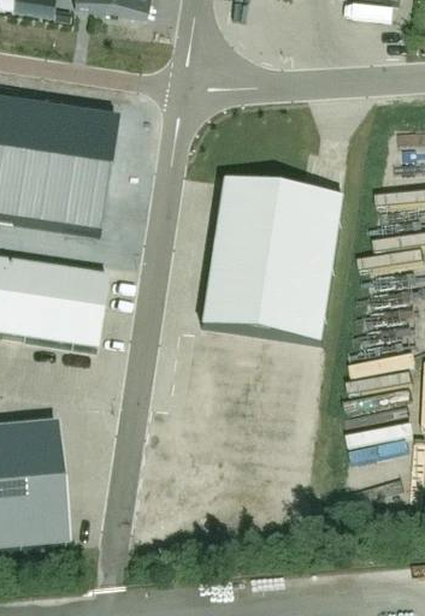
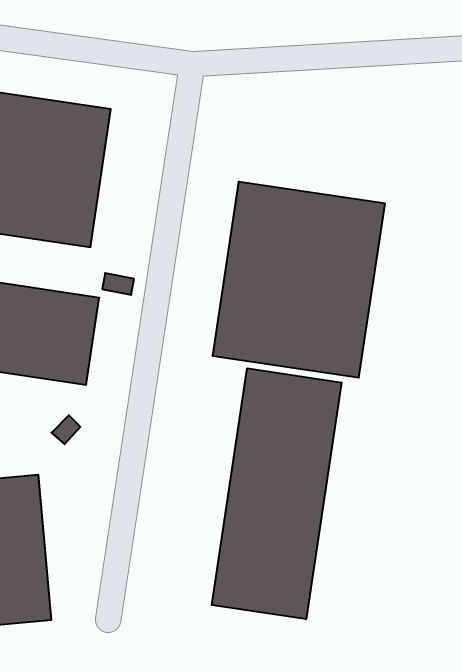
building: none -> [212,368,342,619]

